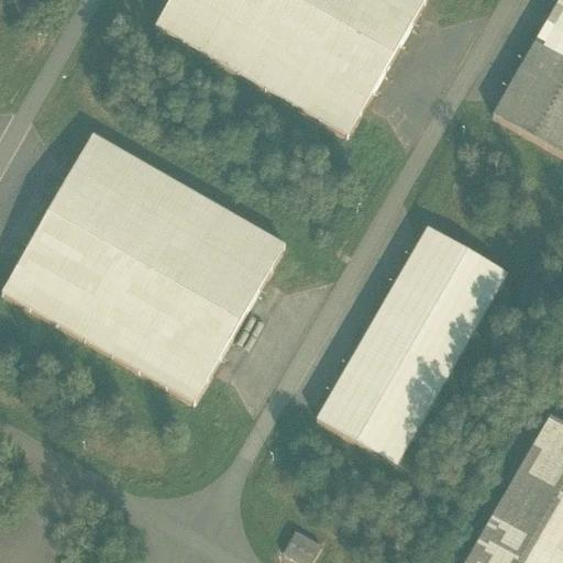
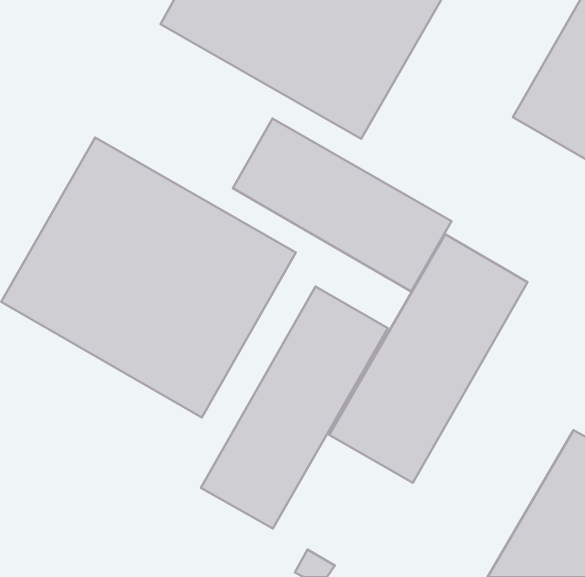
building: none -> [233,119,451,291]
building: none -> [201,287,388,528]

